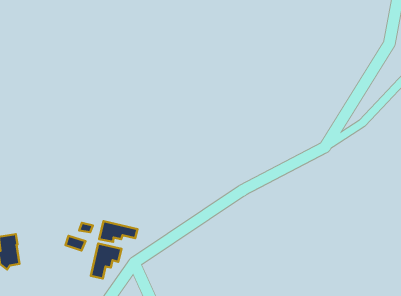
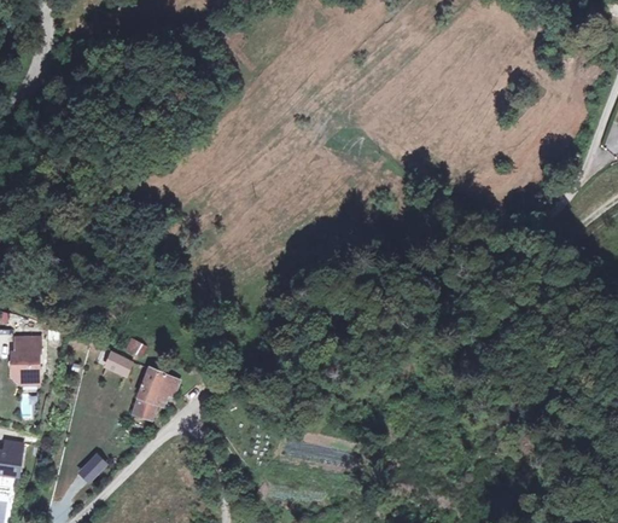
building: [99,221,137,242] -> none

